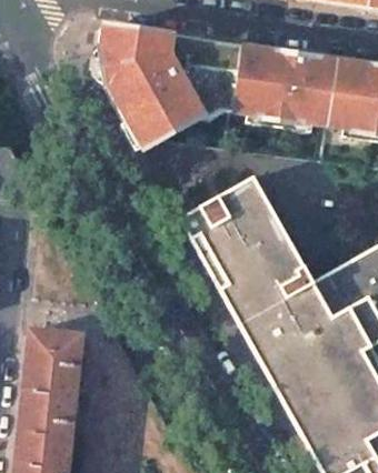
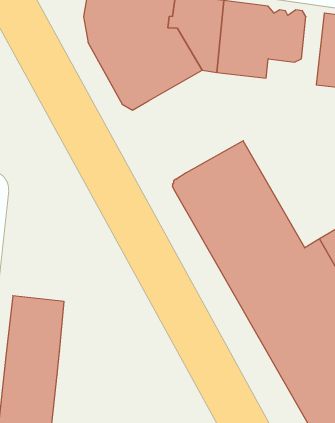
building: [277,52,334,124] -> none

